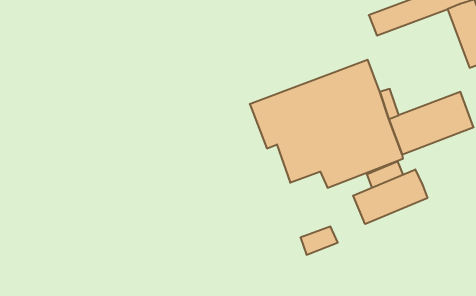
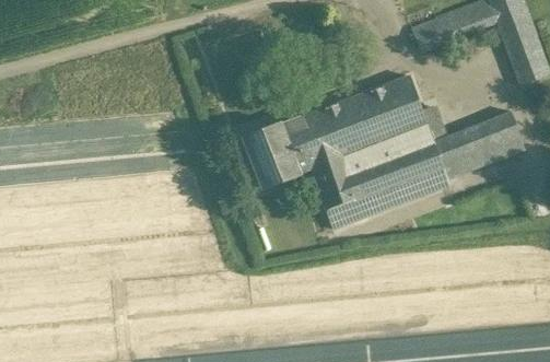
building: none -> [242,121,302,190]
building: [353,169,427,224] -> none
building: [300,227,338,255] -> [326,198,366,229]

